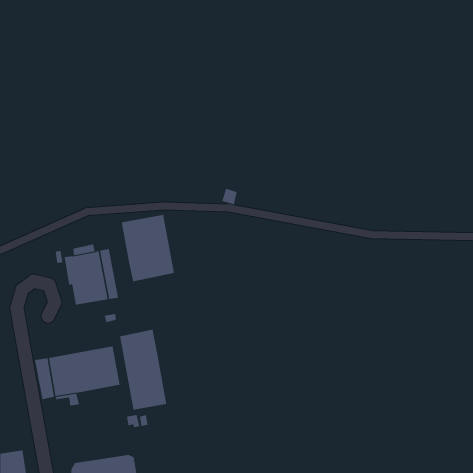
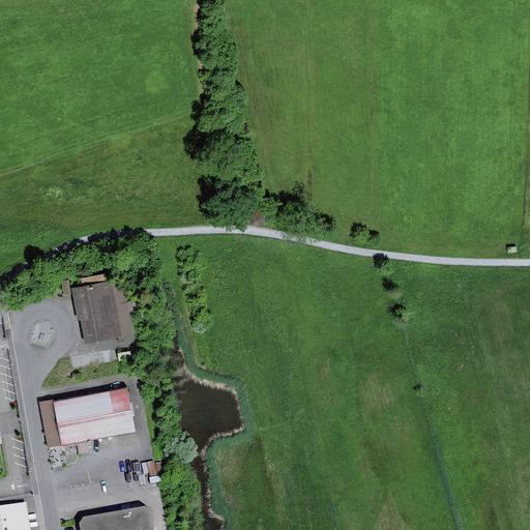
building: [121,214,175,282] -> none
building: [119,329,167,411] -> none

